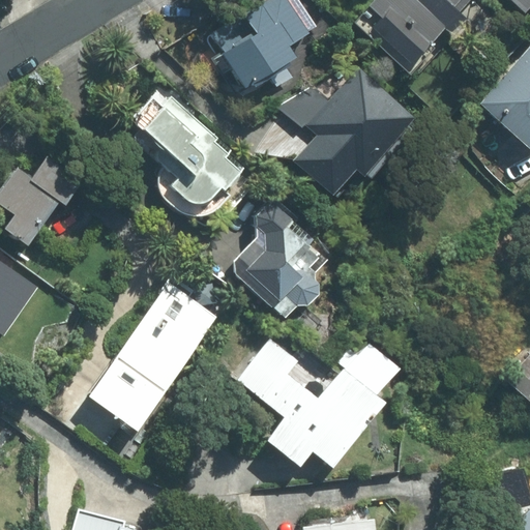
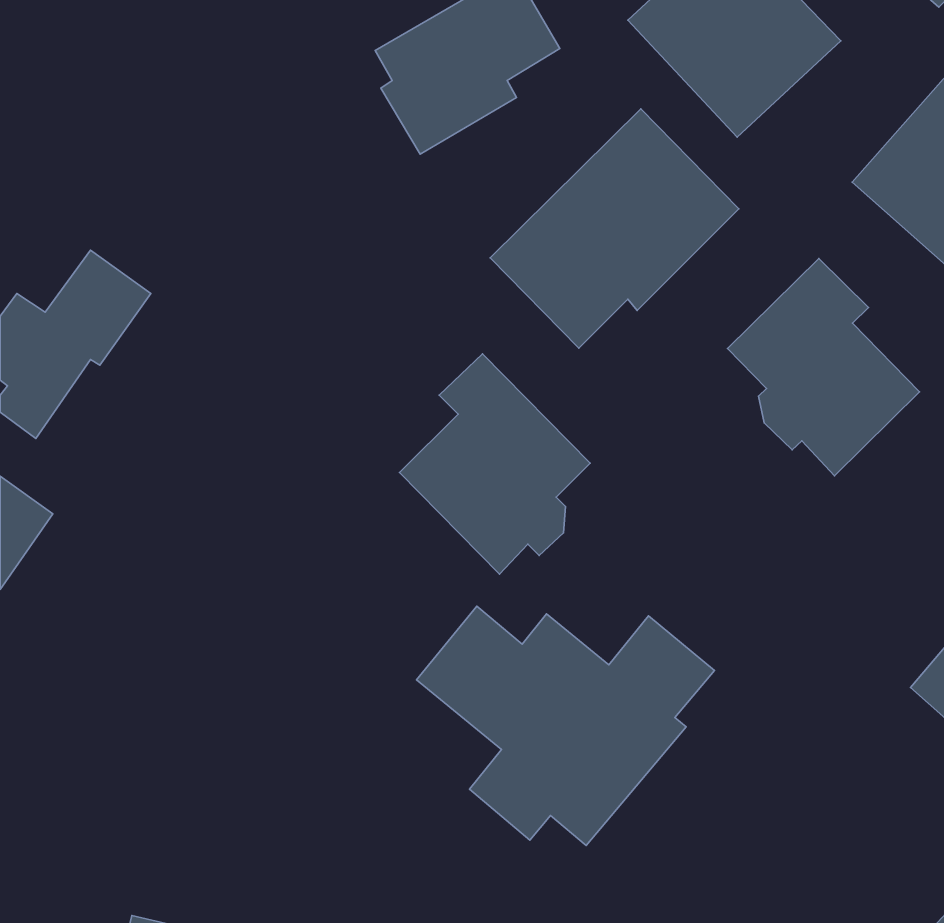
building: [122,86,248,215] -> none
building: none -> [727,258,919,476]
building: [89,266,215,466] -> none

